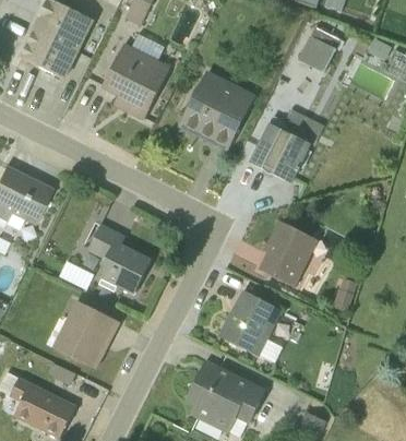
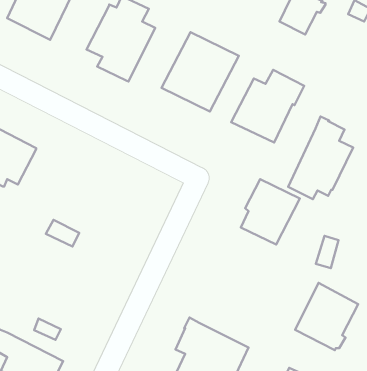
building: none -> [288,117,353,199]
building: [86,223,151,294] -> none
building: [218,288,283,357] -> [295,283,358,350]
building: [51,299,120,368] -> none

